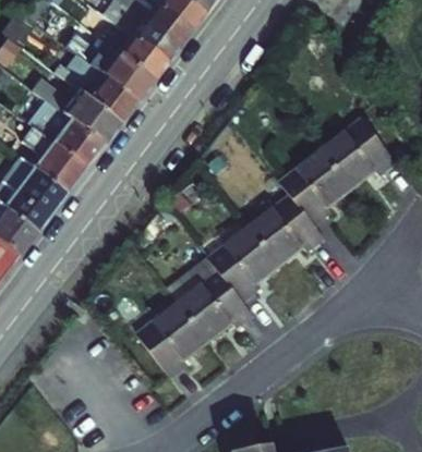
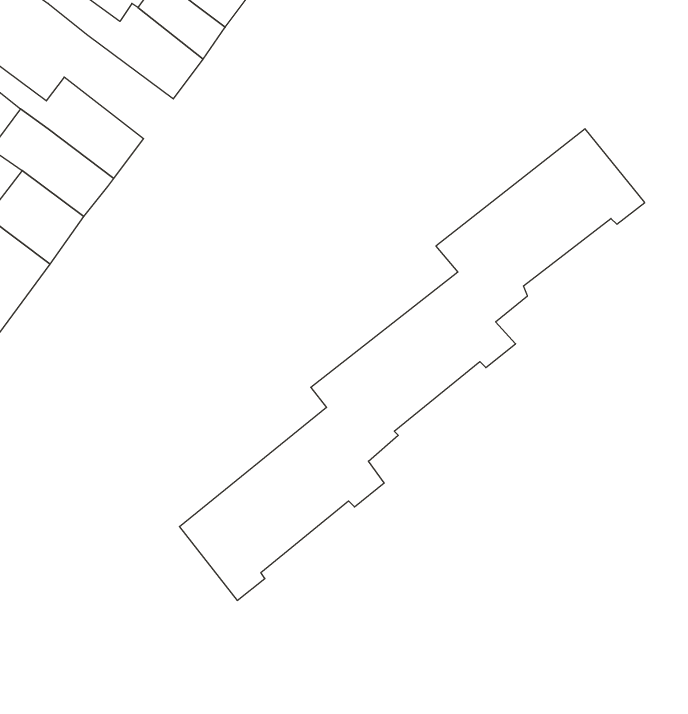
building: [72,66,135,123] -> none

